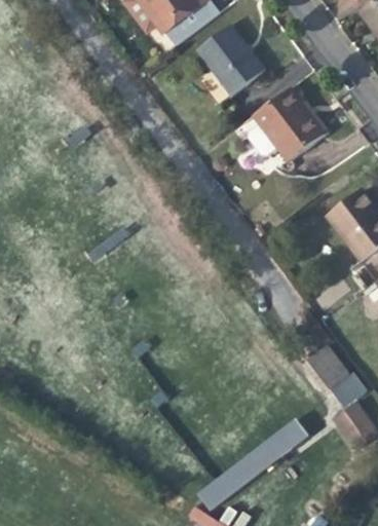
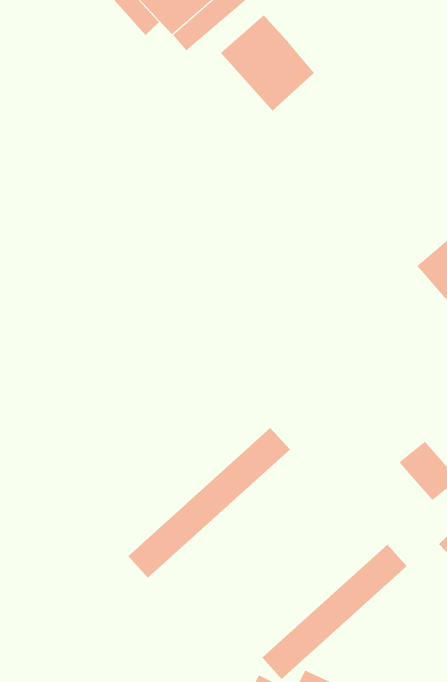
building: [255,88,327,162] -> none
building: none -> [127,427,291,578]

